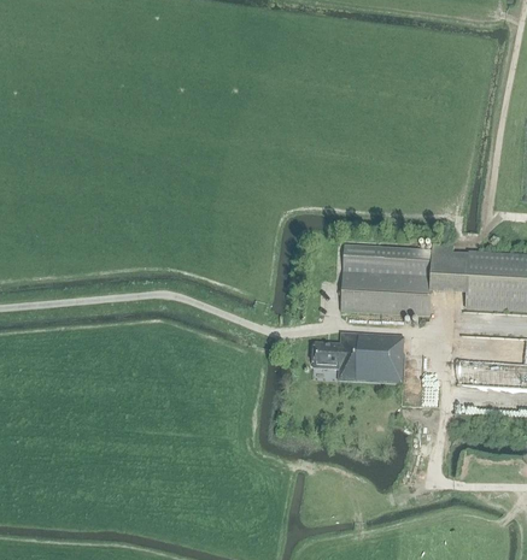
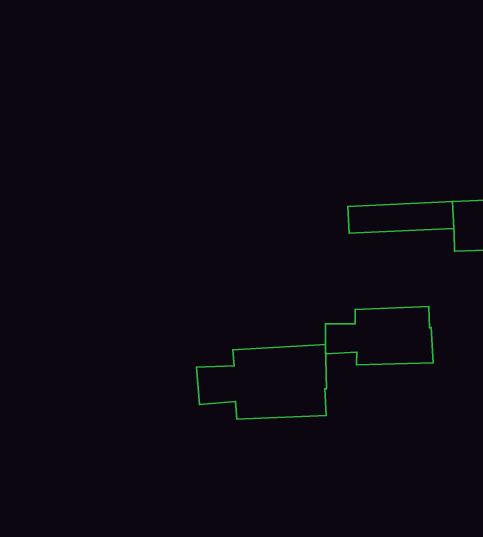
building: [339,270,431,314] -> none
building: none -> [197,345,326,419]

